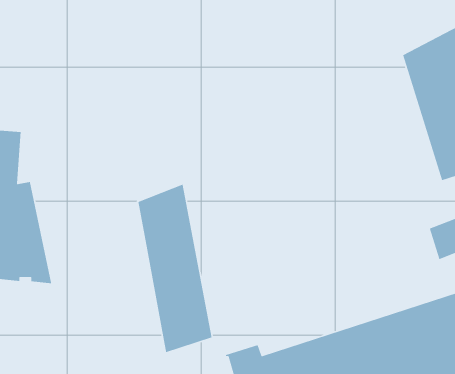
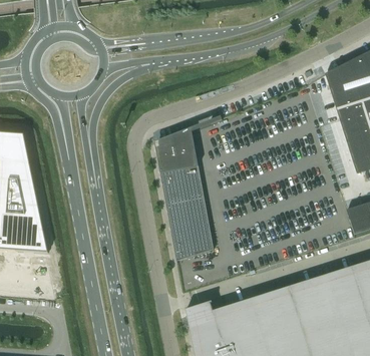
building: [137,184,213,353] -> [154,127,214,261]

